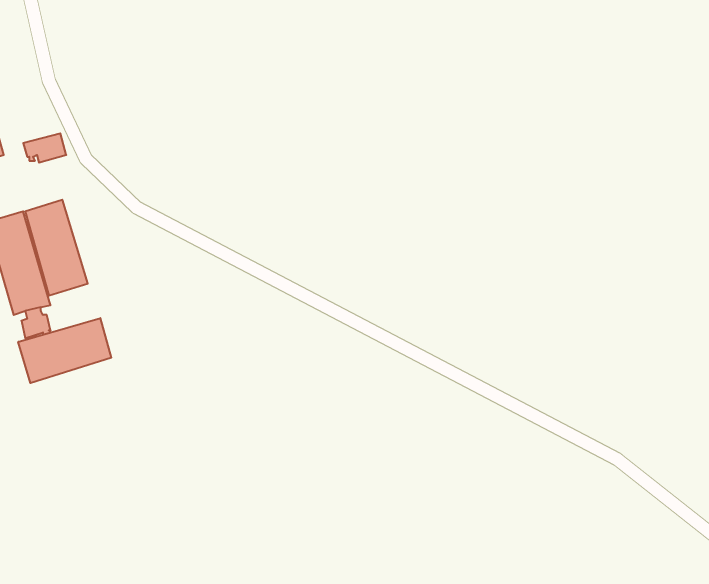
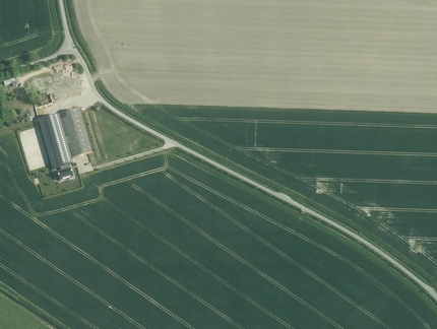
building: [18,318,111,383] -> none

